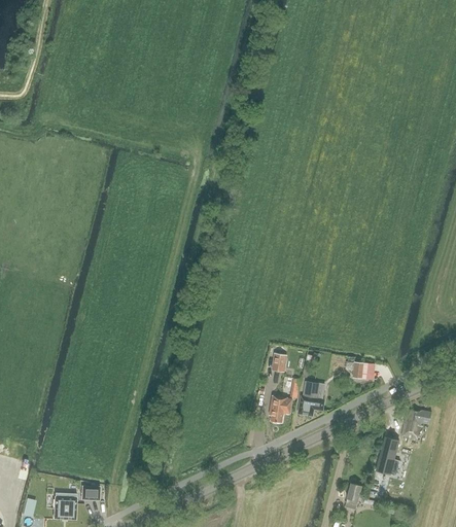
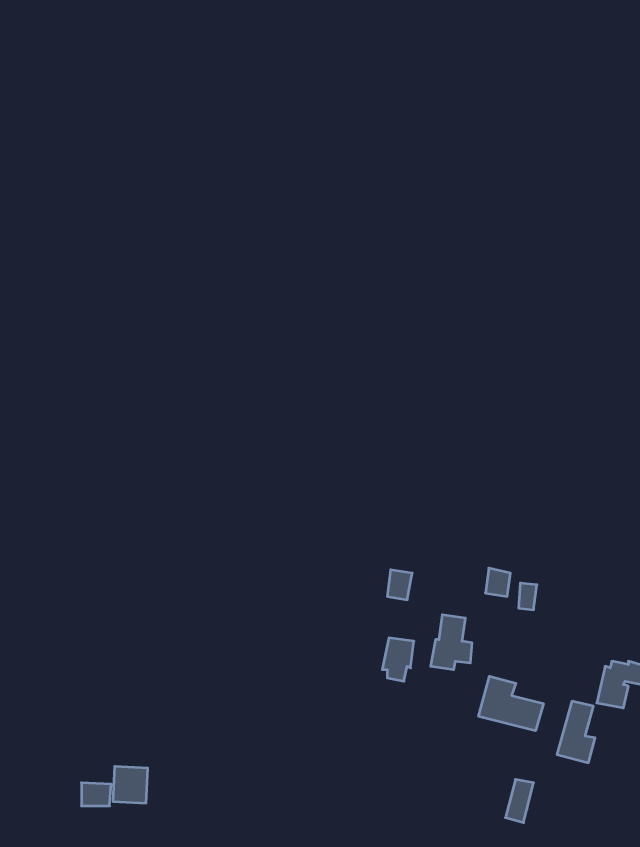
building: none -> [479,676,543,731]
building: [55,496,76,519] -> [113,766,148,803]

